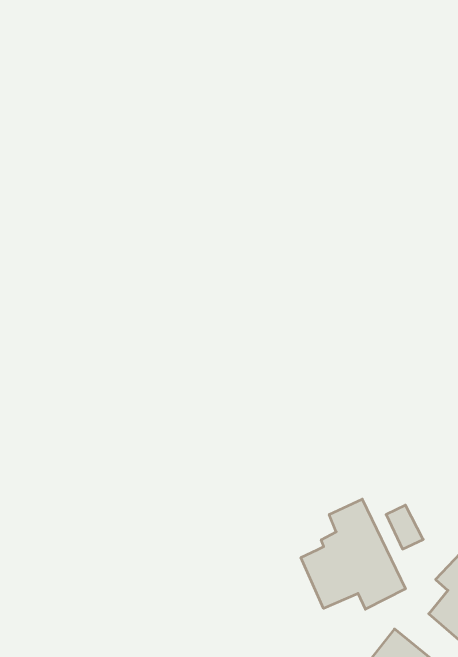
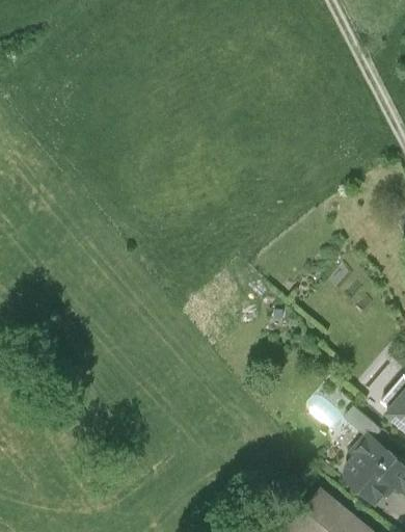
building: [301,499,405,609] -> none

